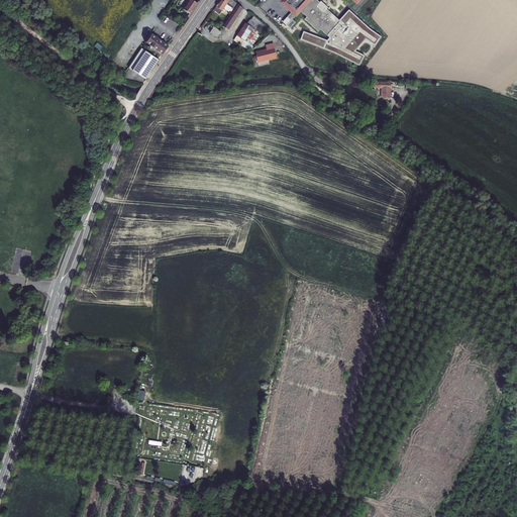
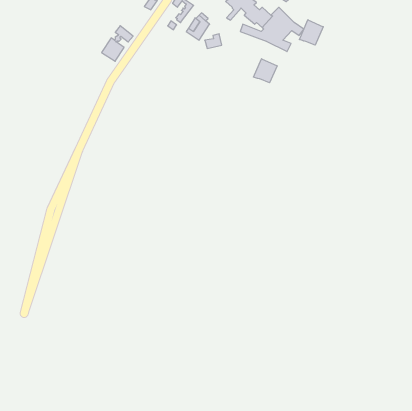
building: none -> [299,20,323,45]
building: none -> [254,59,277,83]

